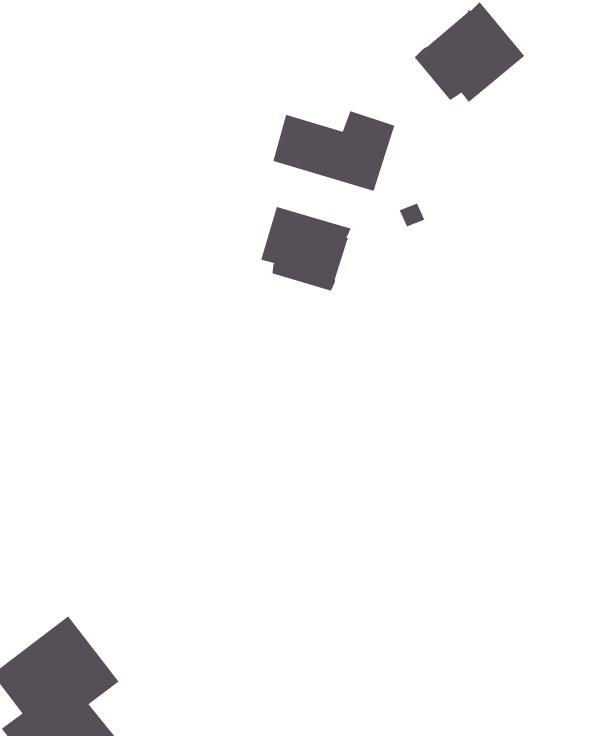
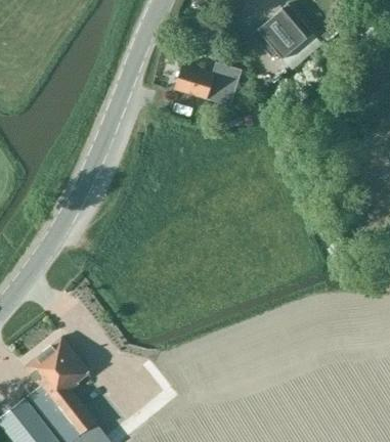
building: [260,206,351,291] -> none

